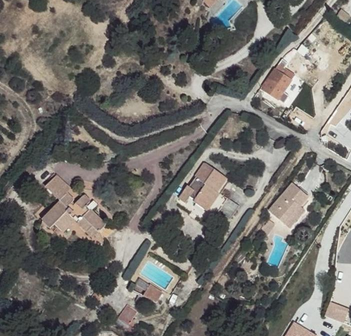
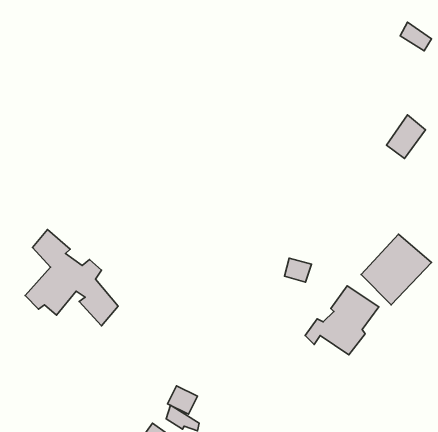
building: [264,71,290,100] -> [386,115,425,159]
building: [183,159,232,205] -> [305,286,379,355]

